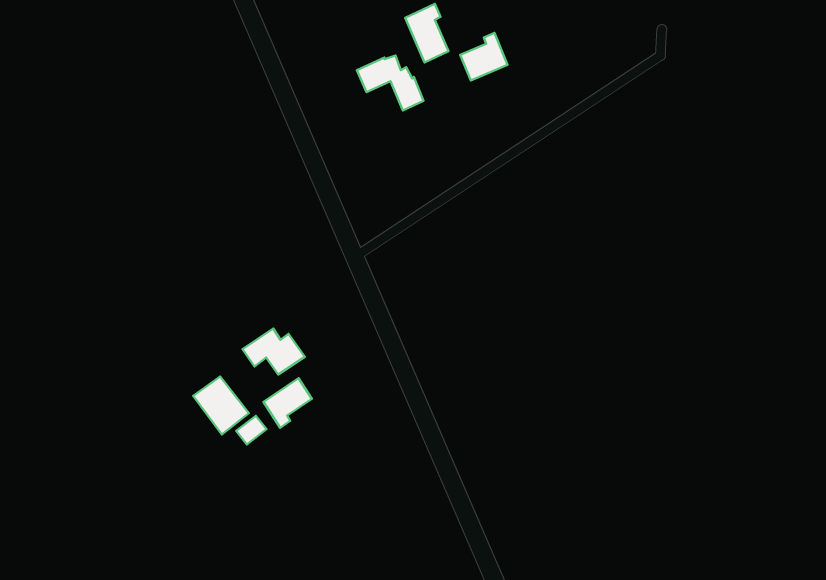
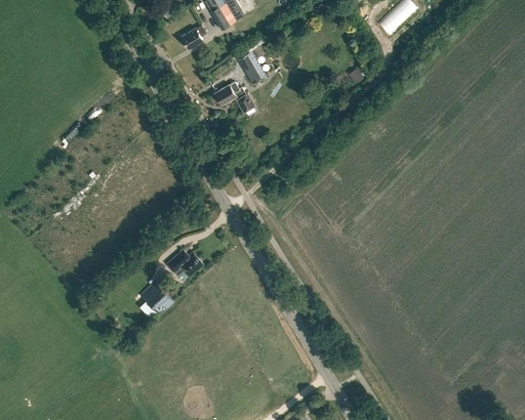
building: [460,33,507,81] -> none
building: [263,378,312,428] -> none

